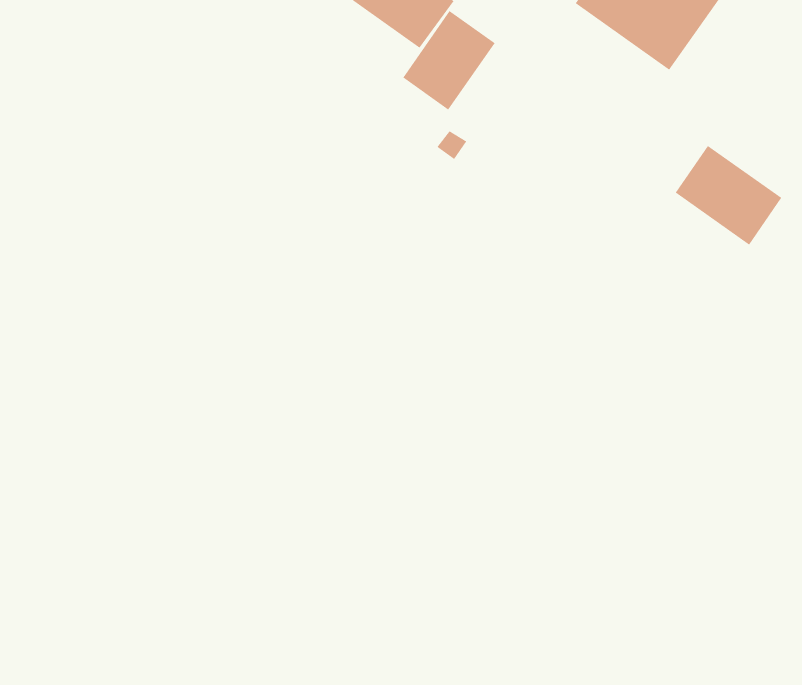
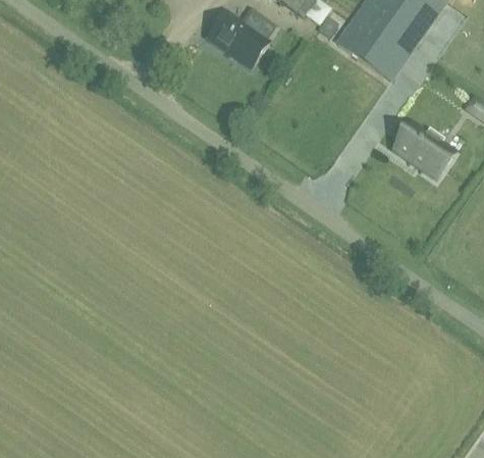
building: [402,10,495,110] -> none

